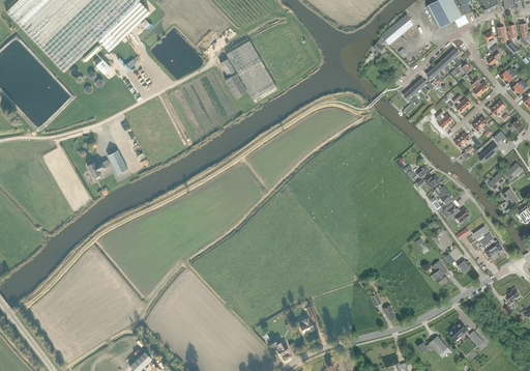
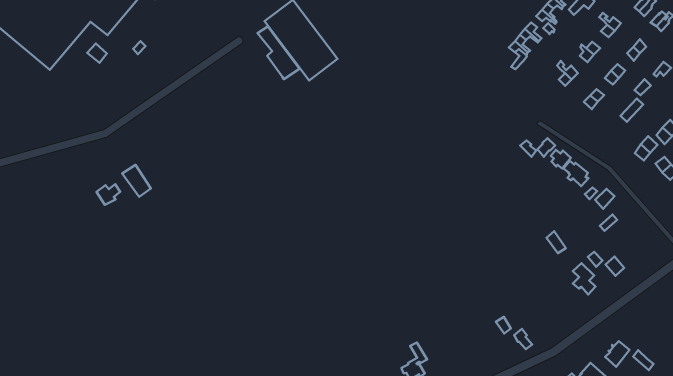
building: [473,225,502,257] -> none

